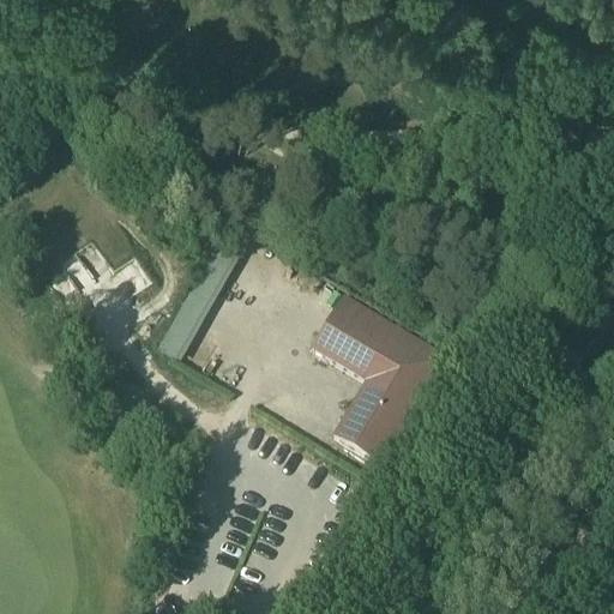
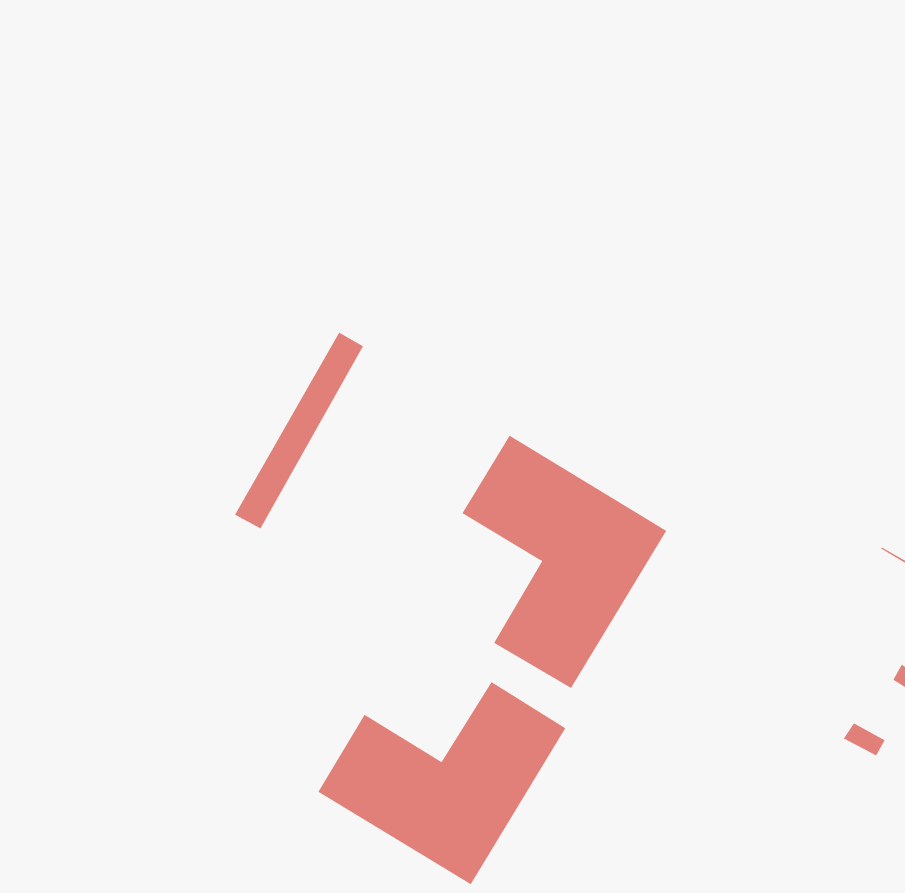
building: none -> [318,681,566,885]

